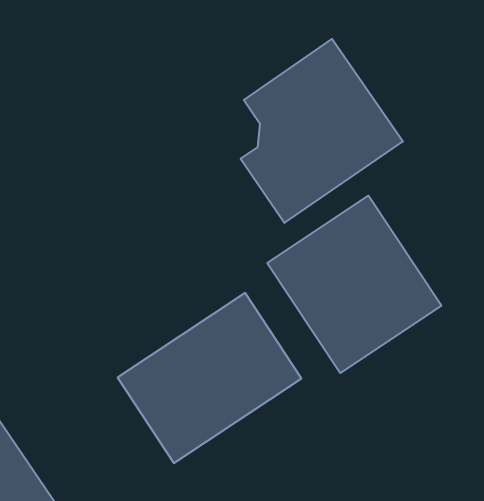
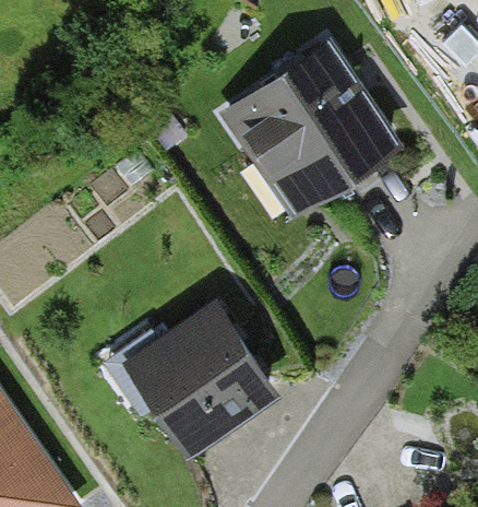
building: [267,196,441,373] -> none

